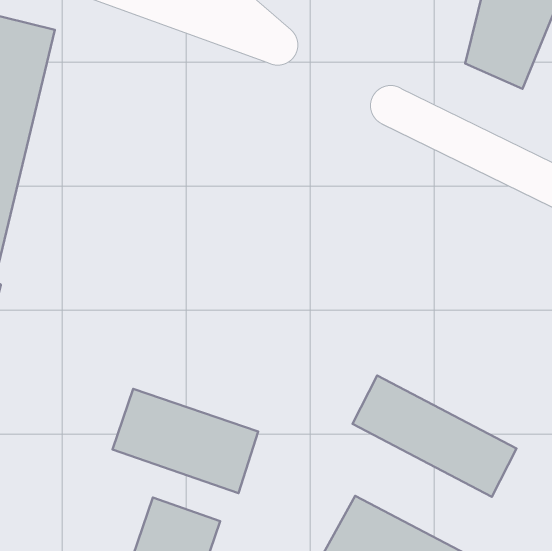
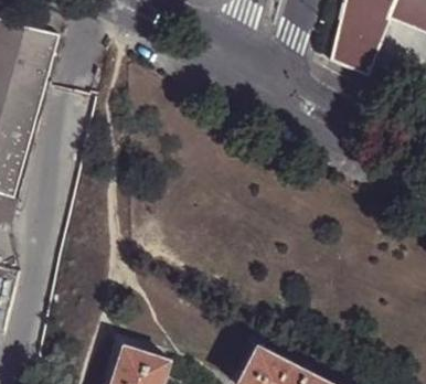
building: [353,376,516,497] -> none
building: [113,389,258,493] -> none

